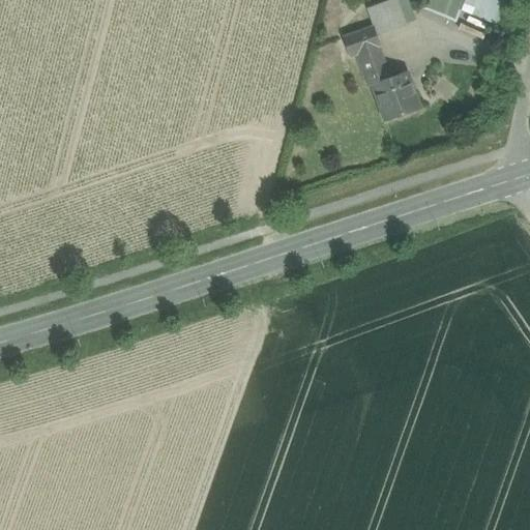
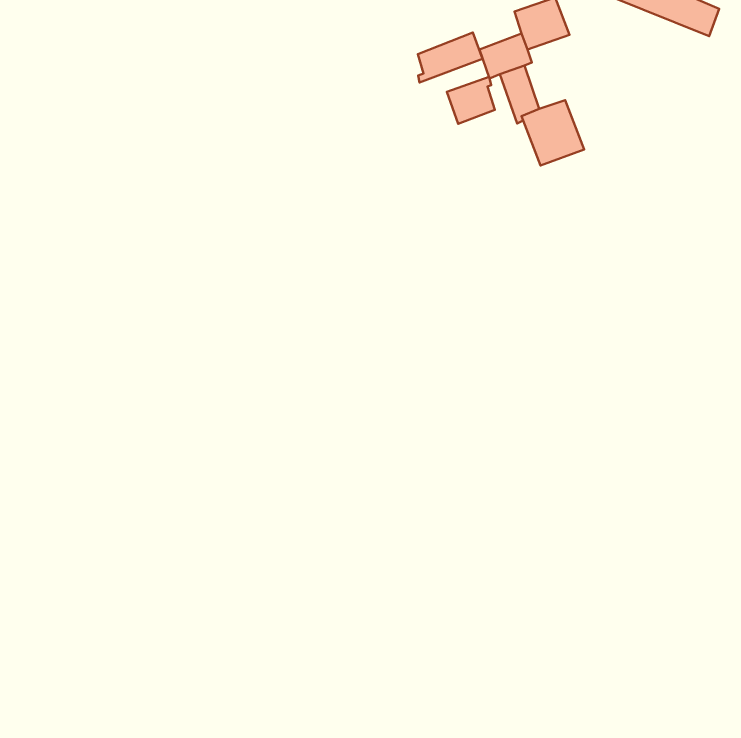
building: none -> [418,33,483,82]
building: none -> [447,77,495,124]

